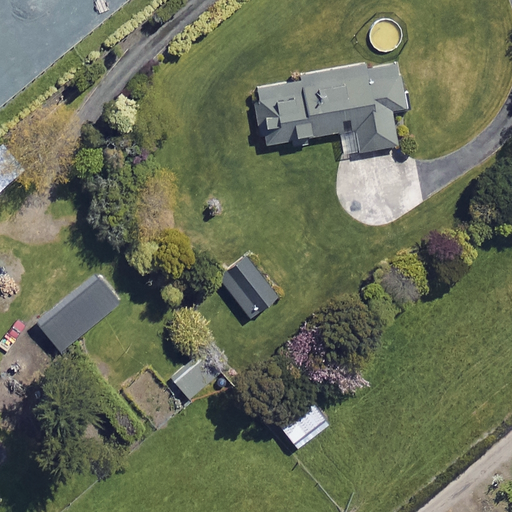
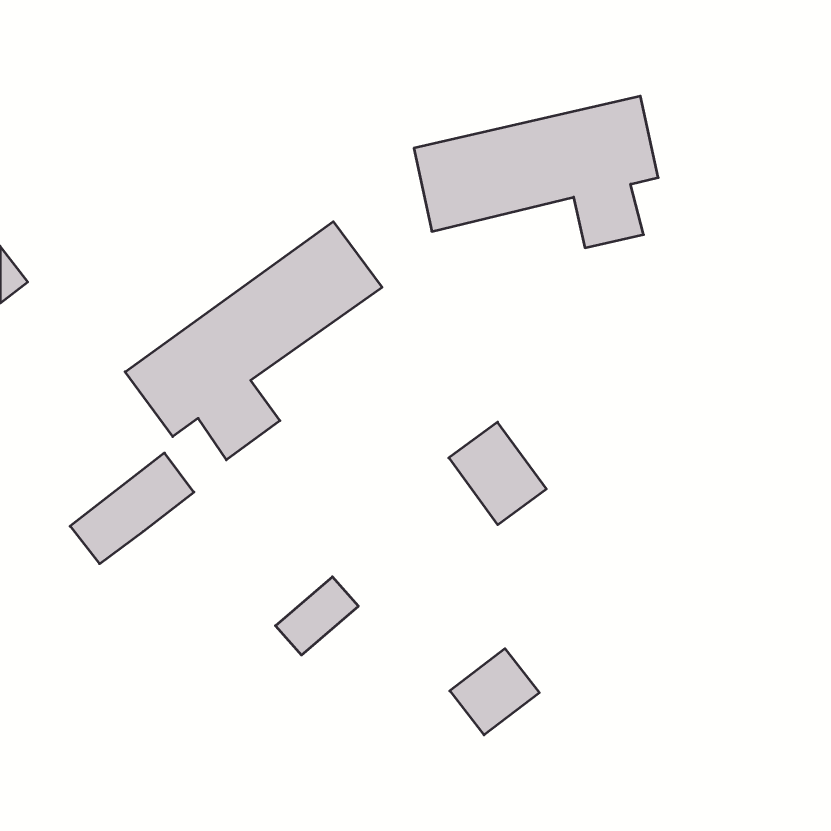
building: none -> [125,222,382,460]
building: [214,254,274,317] -> [449,422,546,525]

